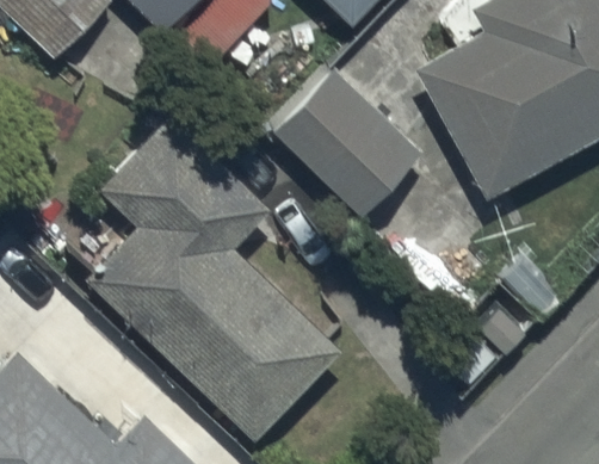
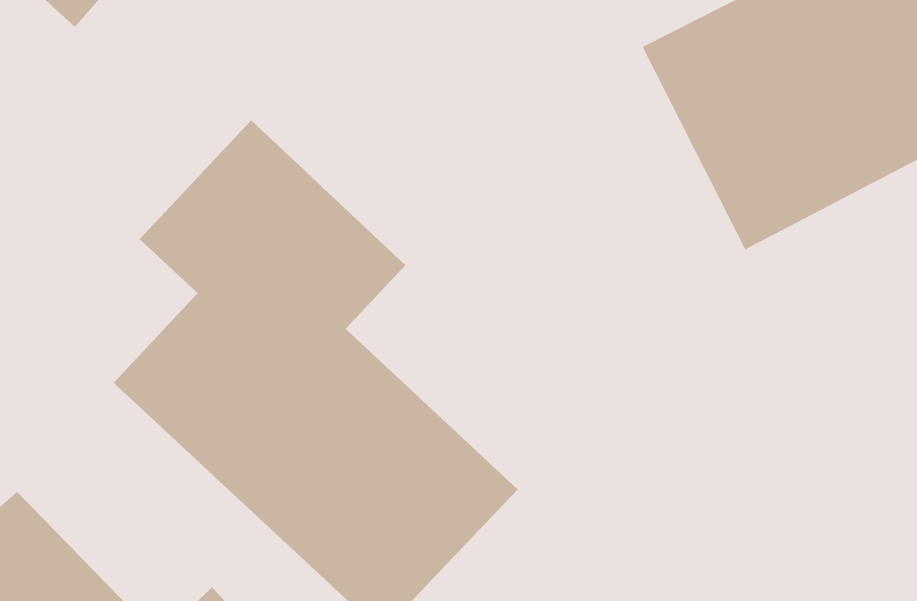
building: [272,70,421,218] -> none

